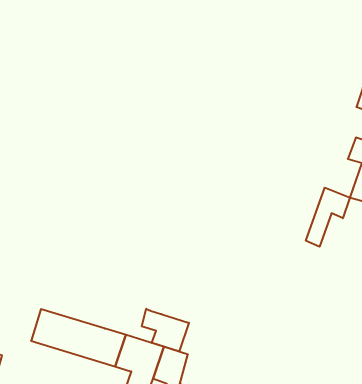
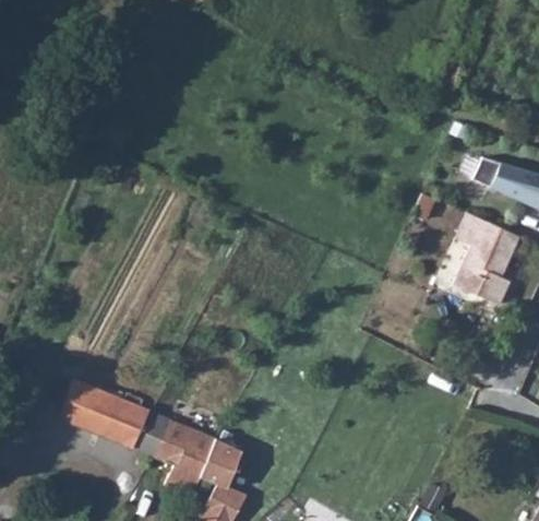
building: [306,188,350,247] -> none
building: [142,309,189,352] -> none

